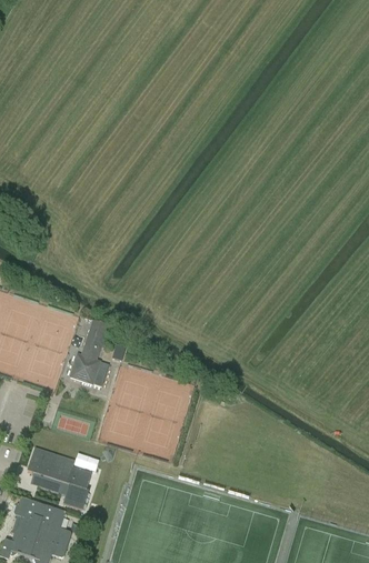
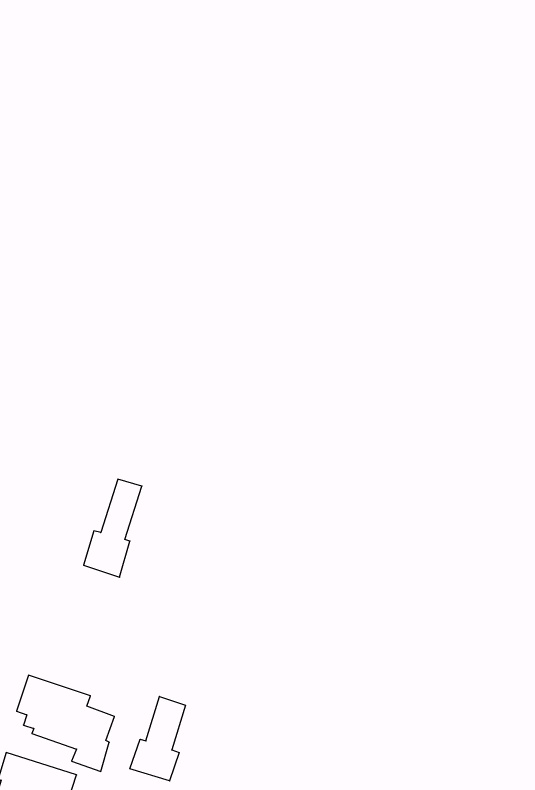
building: none -> [130,696,185,781]

